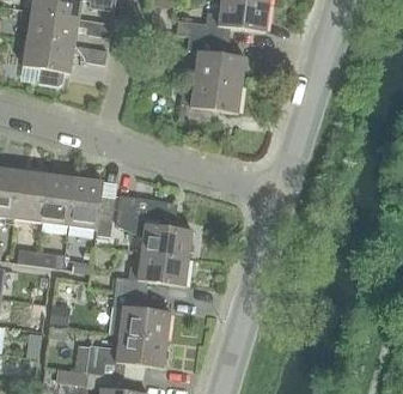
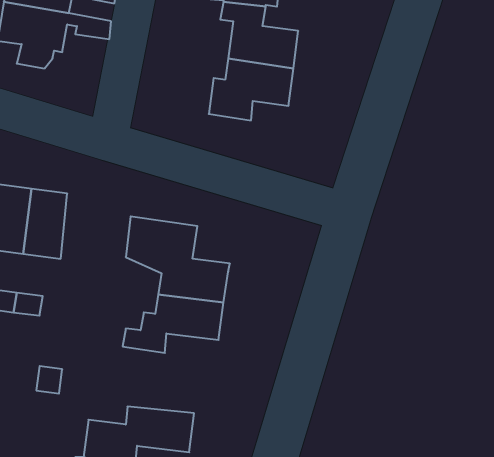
building: [69,177,116,235] -> none
building: [109,290,171,339] -> none

